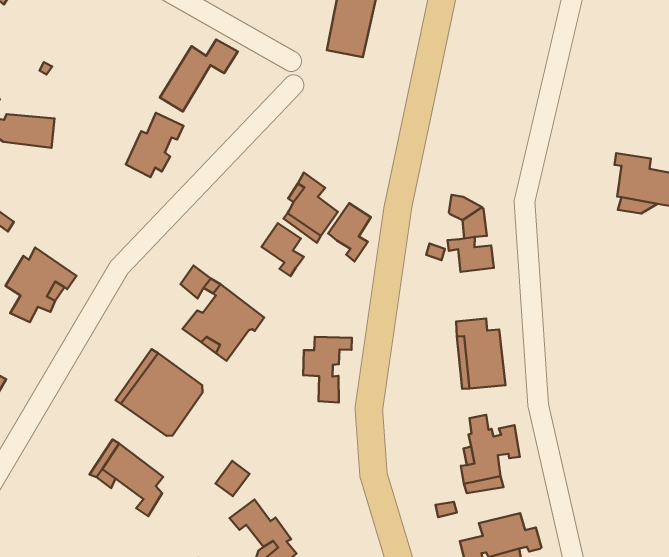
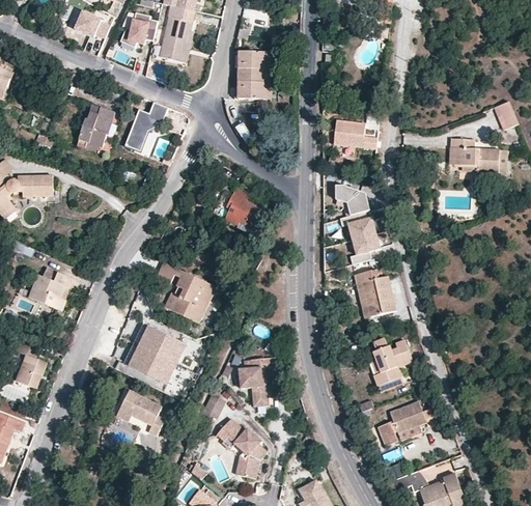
building: none -> [335,120,378,152]
building: [126,113,184,177] -> [76,105,112,150]
building: [328,203,371,262] -> none
building: [262,223,304,276] -> none
building: none -> [348,231,379,262]
building: [303,337,352,403] -> [237,358,271,405]

